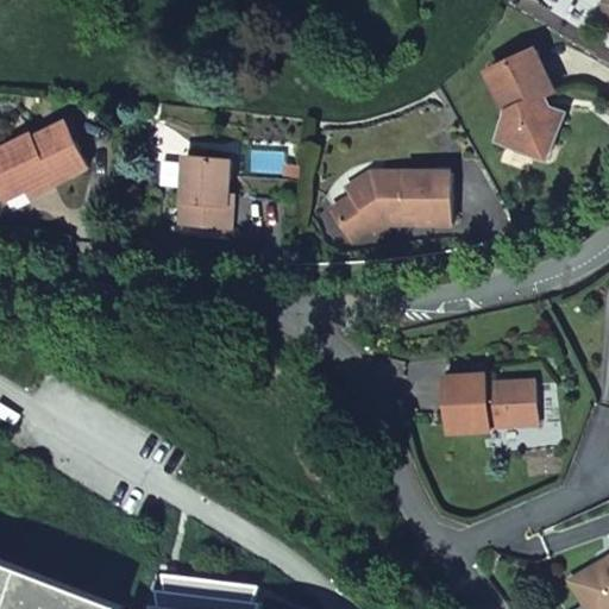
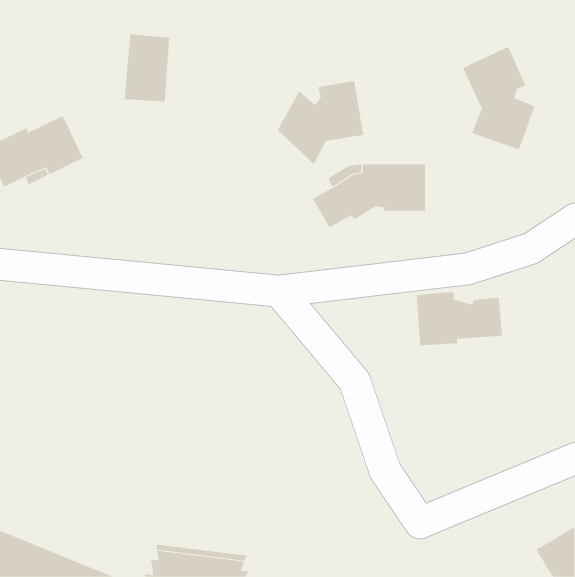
building: none -> [277,80,364,165]
building: [178,155,227,226] -> [124,34,170,102]
building: [439,378,530,435] -> [416,292,503,346]

